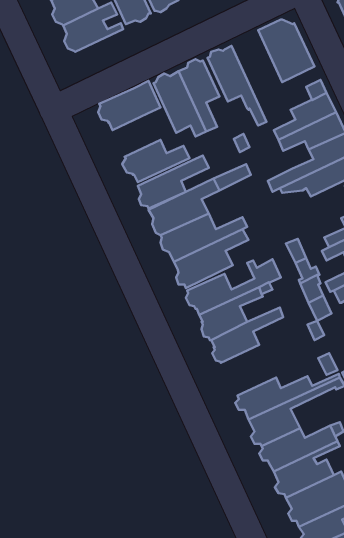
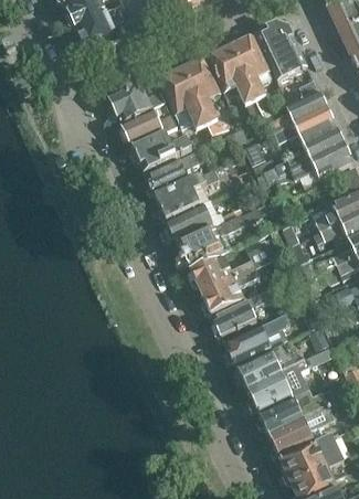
building: none -> [231,35,273,115]
building: none -> [119,107,177,147]
building: none -> [224,314,289,363]

